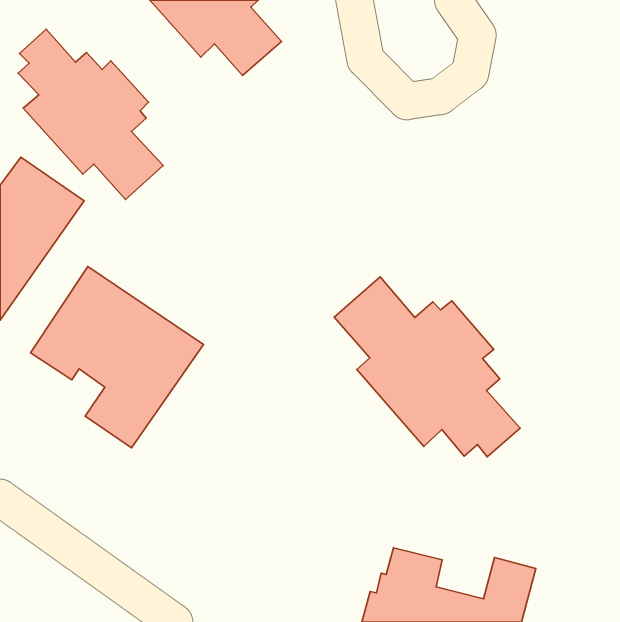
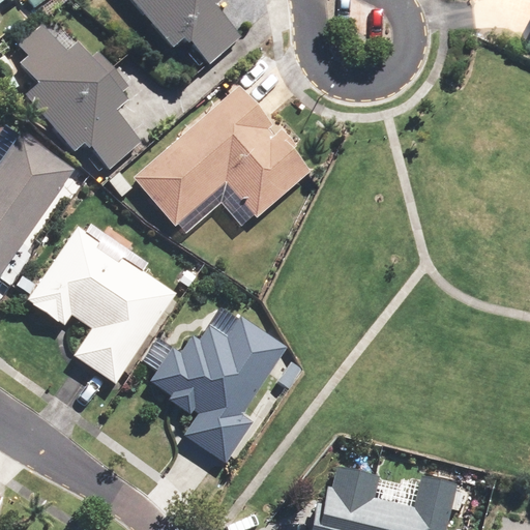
building: none -> [132,86,311,226]
building: [334,277,520,457] -> none
building: none -> [150,318,286,463]

